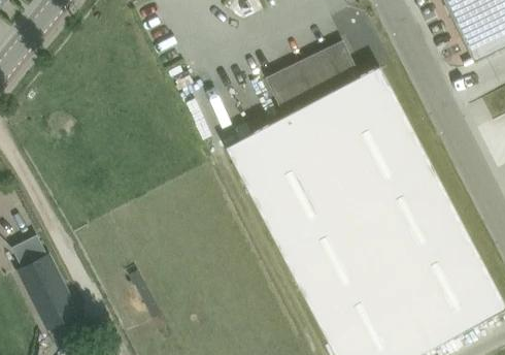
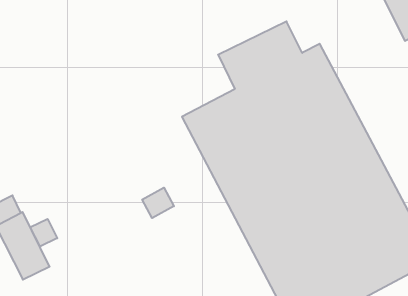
building: none -> [142,188,174,218]
building: none -> [30,219,57,247]

